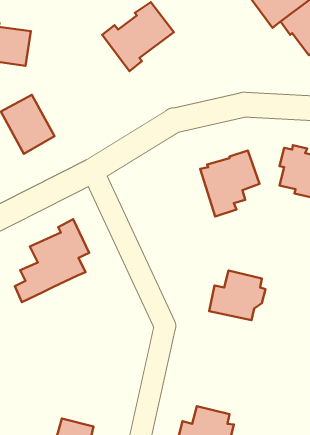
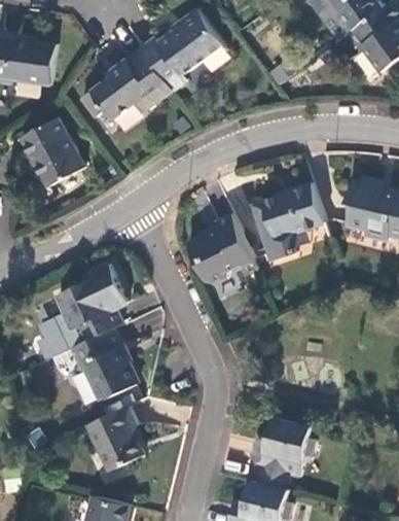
building: none -> [81,47,171,119]
building: none -> [187,213,256,284]
building: [209,271,266,320] -> [249,418,315,476]
building: none -> [69,328,137,401]
building: none -> [85,407,142,471]

